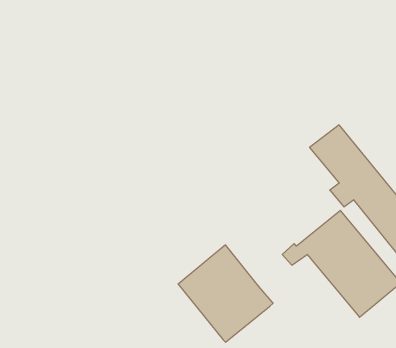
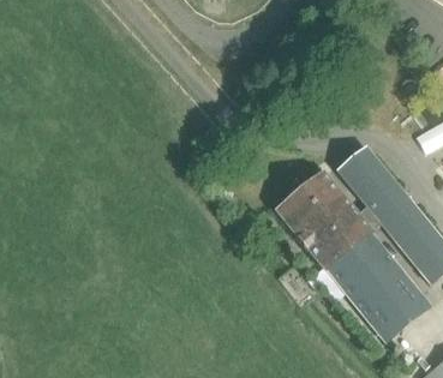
building: [178,245,273,342] -> [276,172,372,270]

